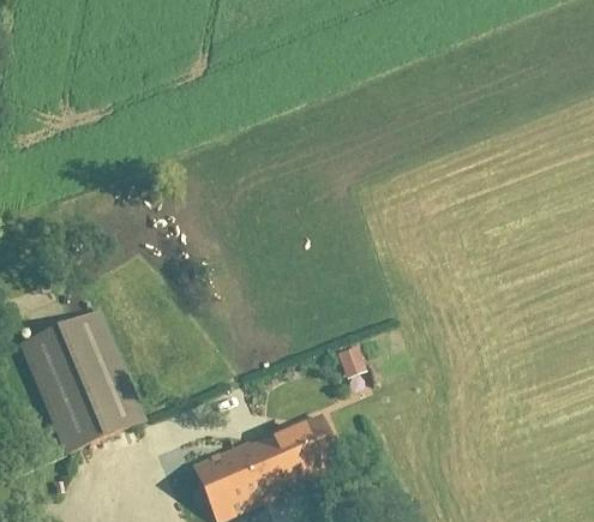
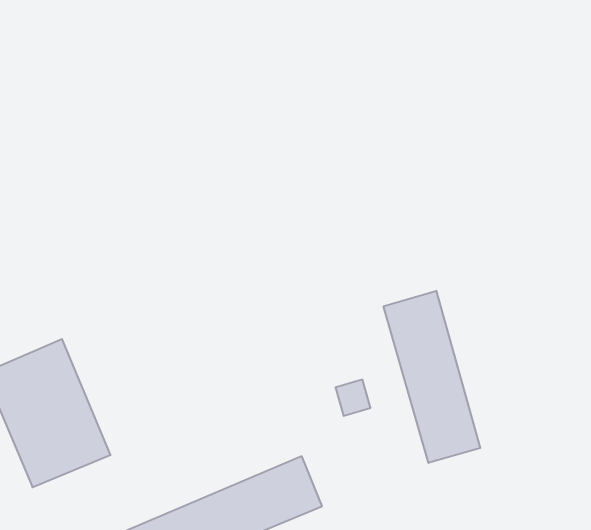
building: none -> [384,291,480,463]

